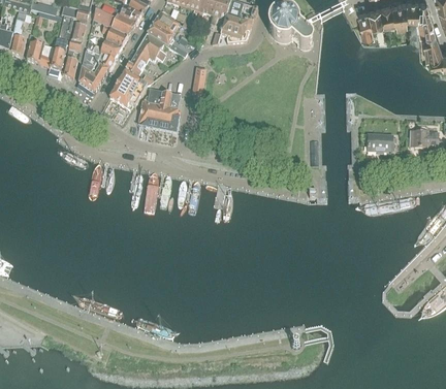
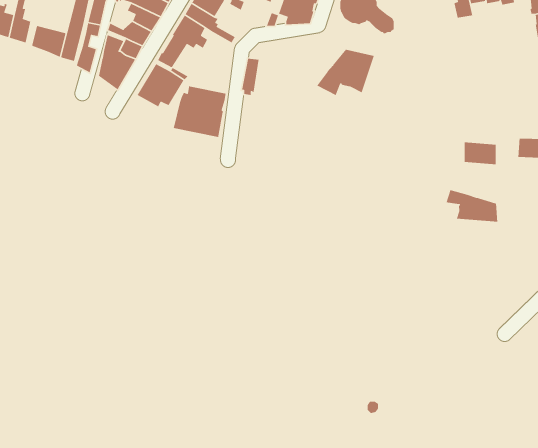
building: none -> [316,49,375,96]
building: none -> [445,189,498,223]

